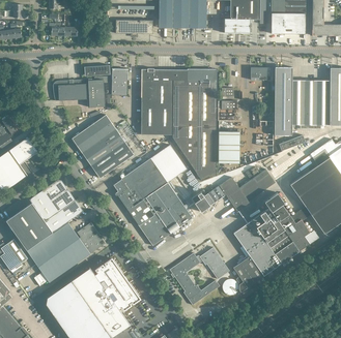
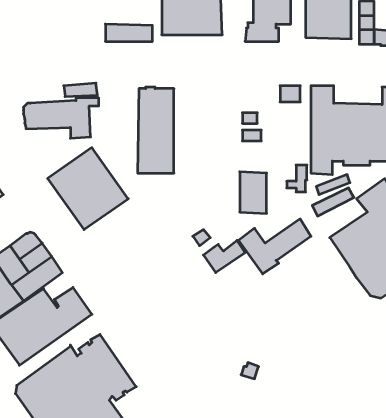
building: [110,68,126,95] -> none
building: [168,69,216,181] -> none
building: [112,145,191,245] -> none
building: [232,192,317,291] -> none
building: [169,247,228,305] -> none

